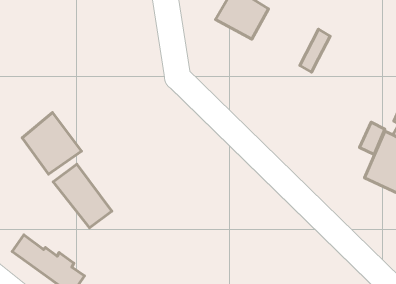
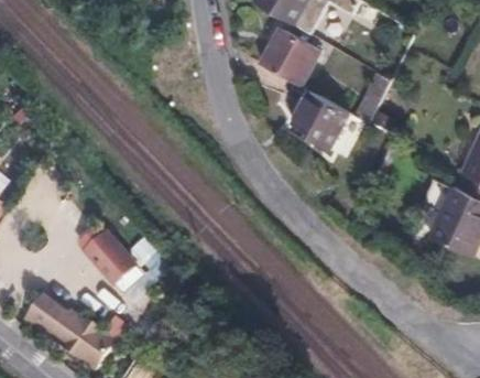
building: none -> [293,86,350,144]
building: [22,113,82,174] -> none

